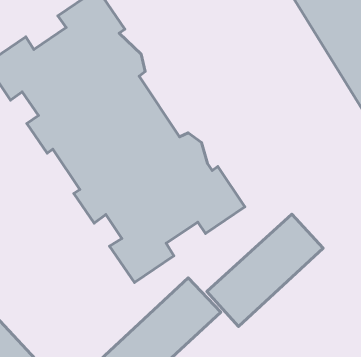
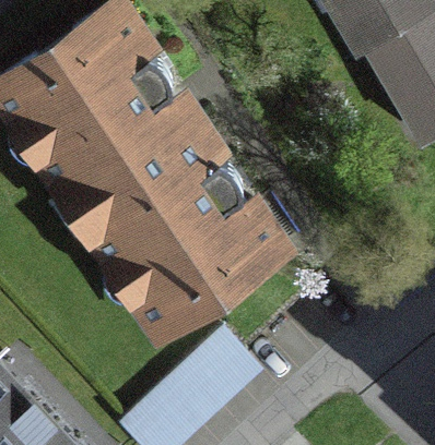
building: [207,214,323,326] -> none

